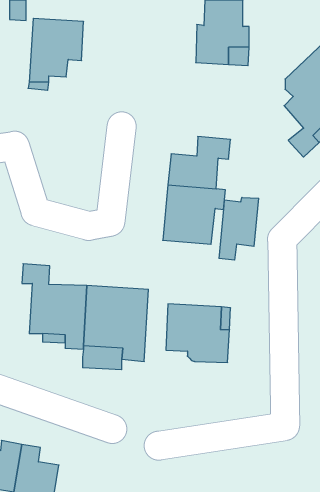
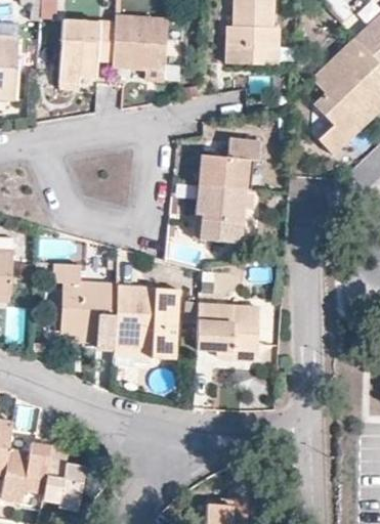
building: none -> [111,13,168,80]
building: [219,197,259,260] -> none

